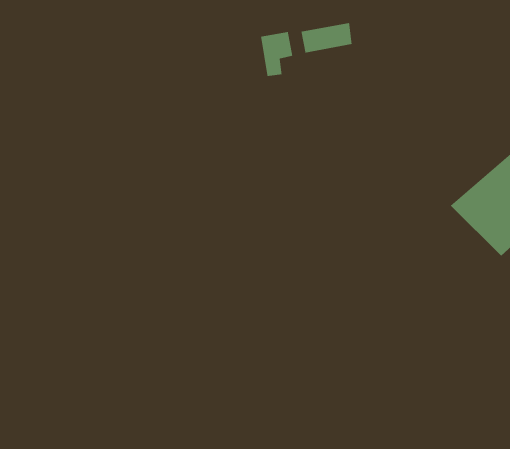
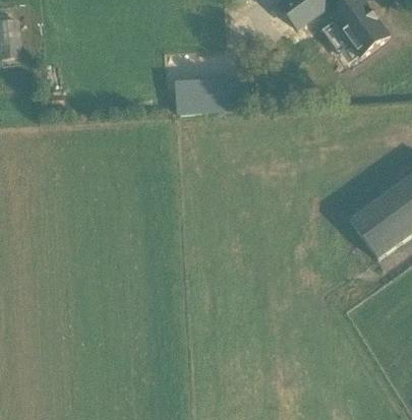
building: [301,22,353,54] -> [187,83,223,102]

